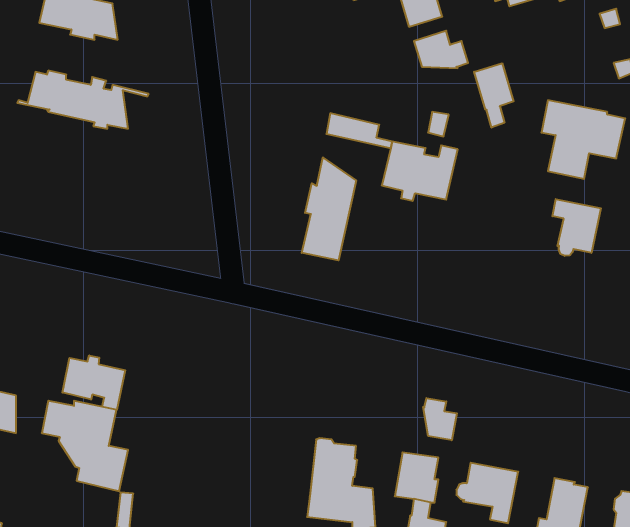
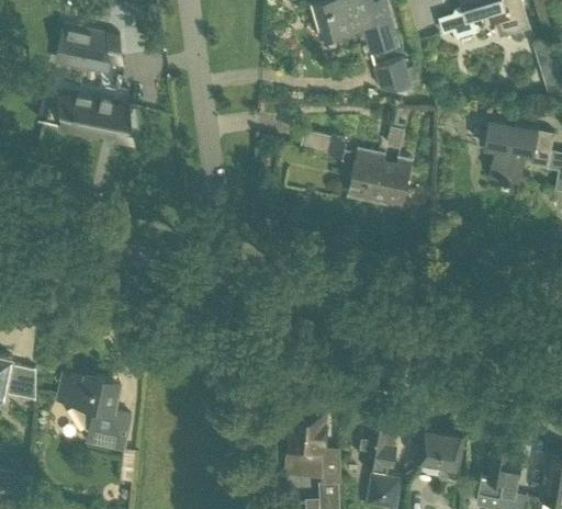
building: [474,63,514,128] -> none
building: [302,157,356,260] -> none
building: [552,199,601,256] -> none
building: [62,355,125,410] -> none
building: [423,398,457,440] -> none

